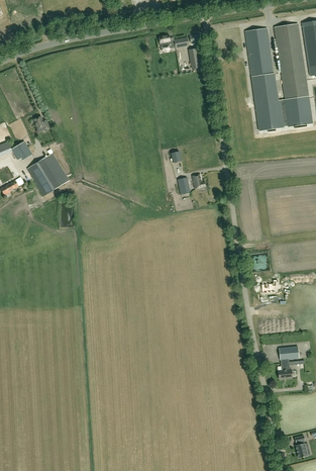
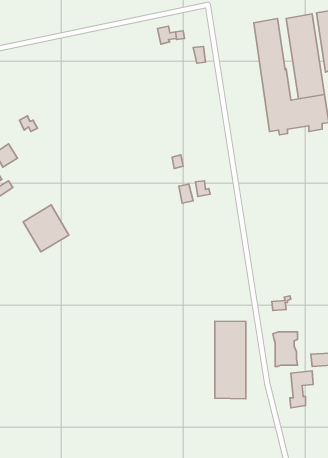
building: [27,153,69,195] -> [23,205,69,252]
building: none -> [215,321,246,399]

